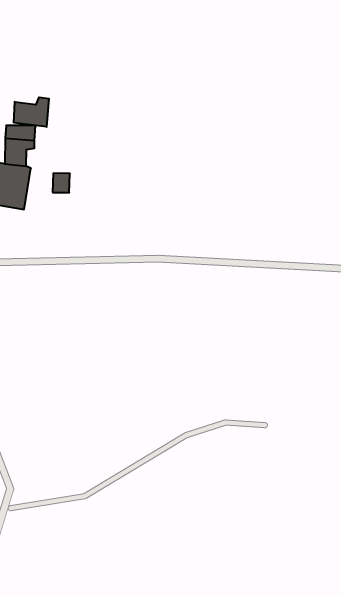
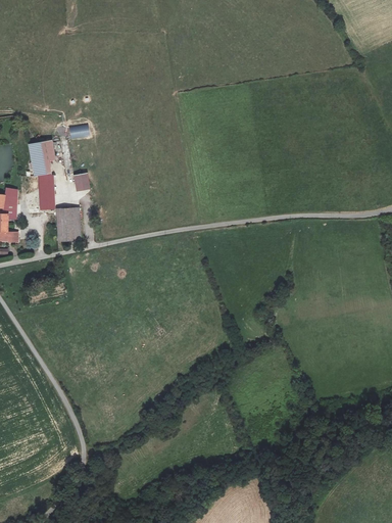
building: [14,97,49,127] -> none
building: none -> [55,209,78,242]

